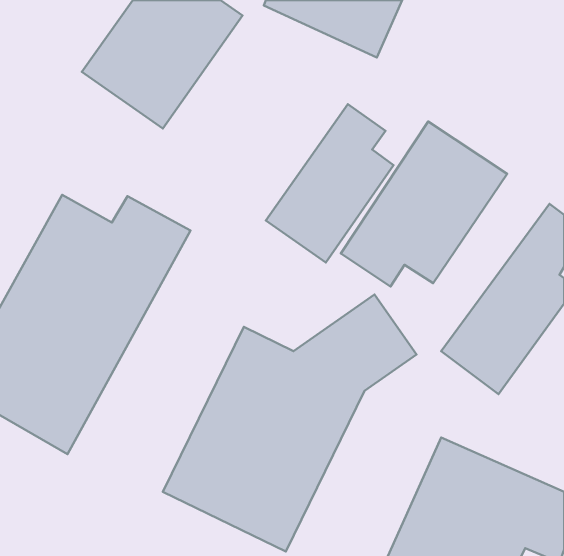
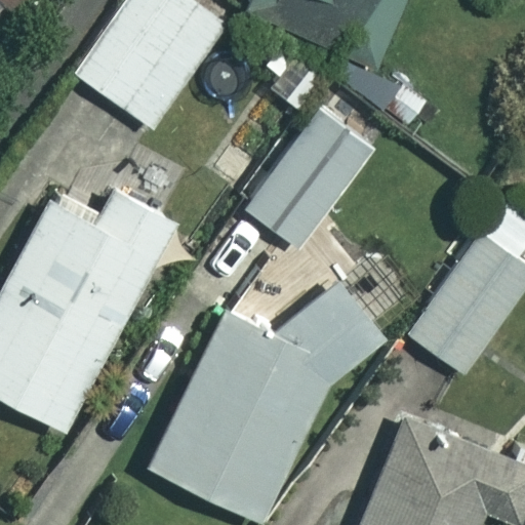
building: [341,122,507,286] -> none

